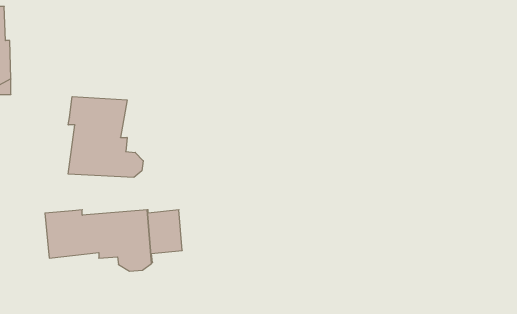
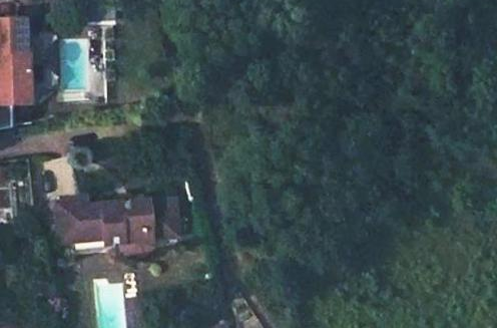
building: [68,97,143,177] -> none

